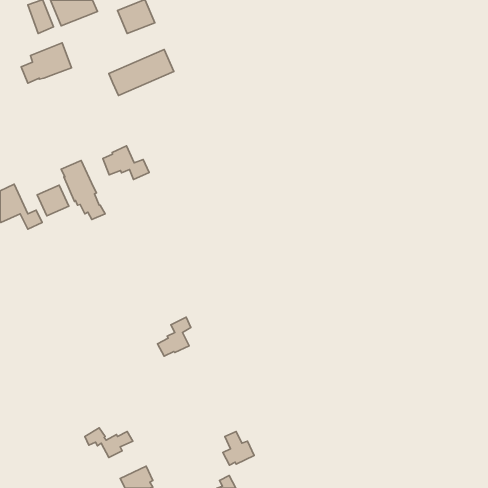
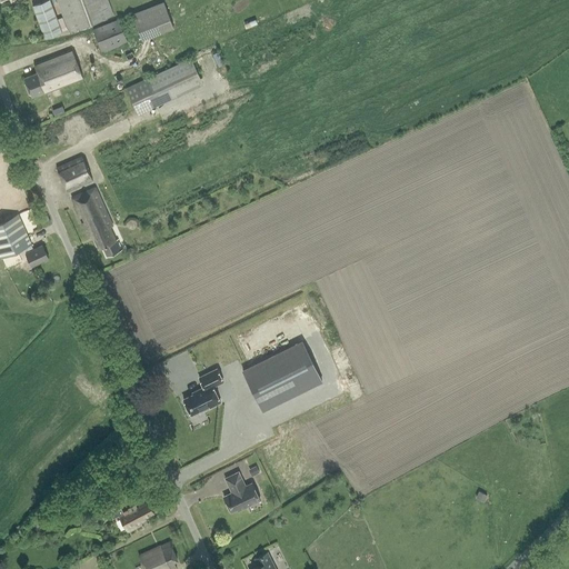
building: none -> [93,19,127,51]
building: [103,146,149,179] -> none
building: [37,185,69,216] -> [57,156,93,191]
building: none -> [241,340,321,411]
building: [223,432,254,465] -> [223,472,260,511]

